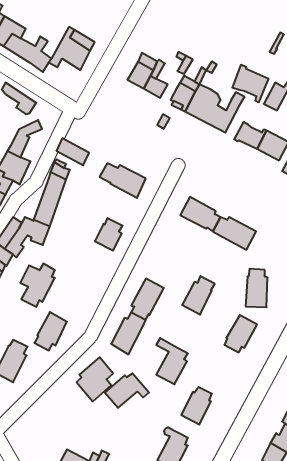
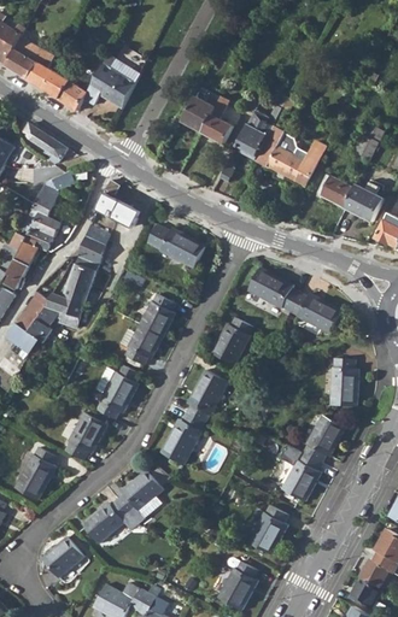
building: [232,65,268,102] -> none
building: none -> [119,323,163,364]
building: [20,264,55,307] -> [94,365,137,419]
building: [182,276,215,315] -> [211,317,252,365]
building: [156,338,188,384] -> [281,443,321,501]
building: [105,373,149,408] -> [82,500,137,543]
building: none -> [41,536,83,578]

